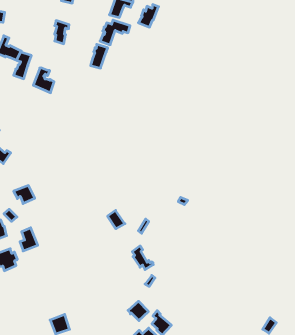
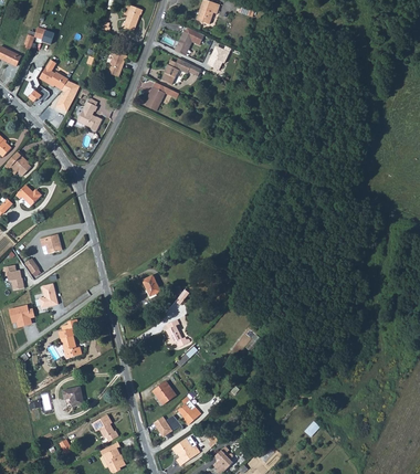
building: none -> [57,320,81,357]

